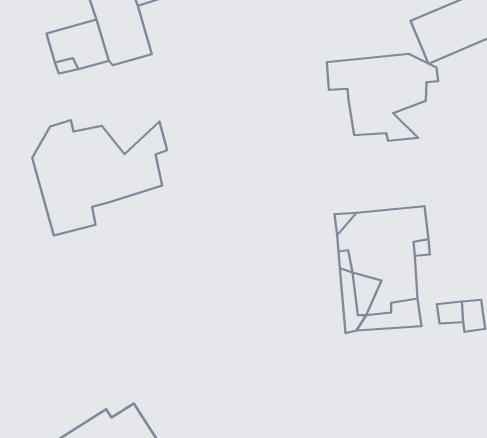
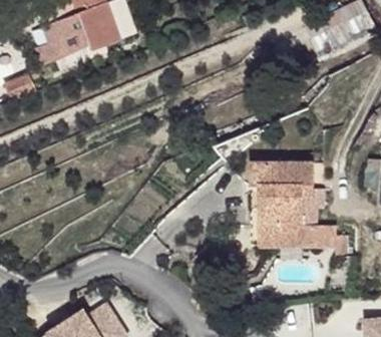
building: [327,54,438,141] -> none
building: [32,120,167,235] -> none

